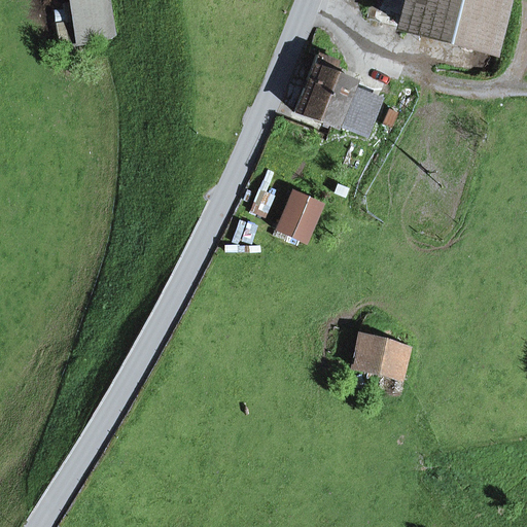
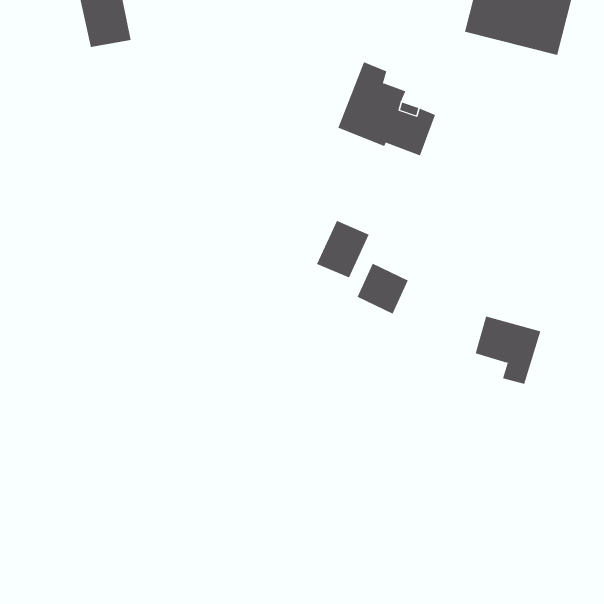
building: none -> [357,263,409,314]
building: [352,332,410,392] -> [475,316,541,384]

